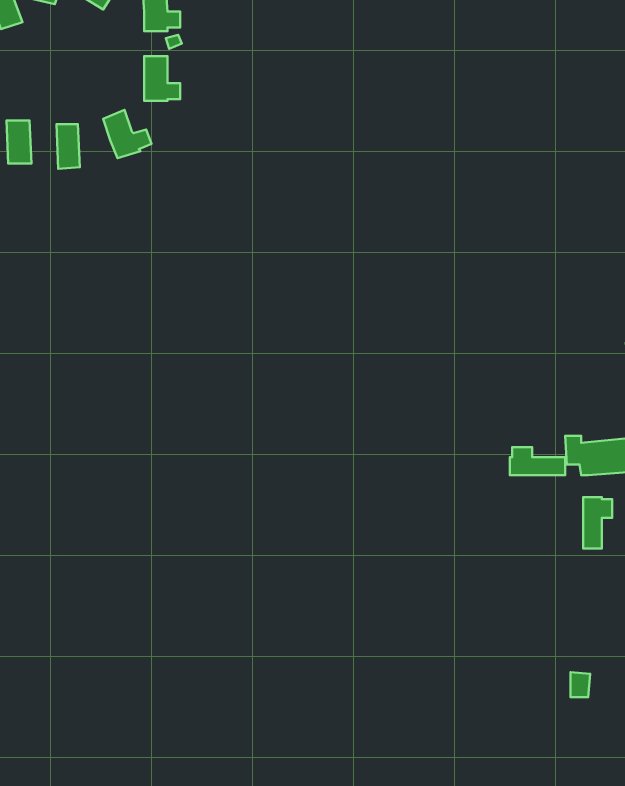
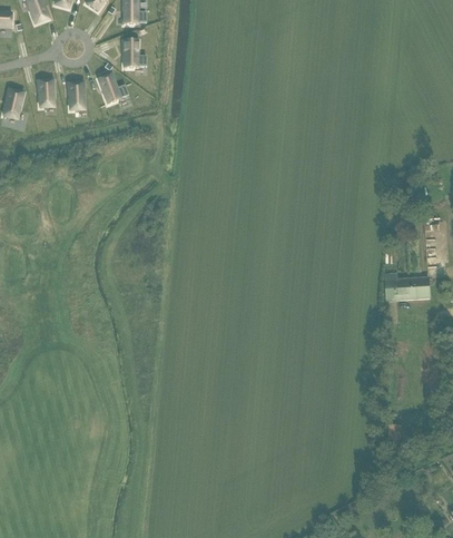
building: [510,447,565,475] -> none
building: [583,497,612,548] -> none

